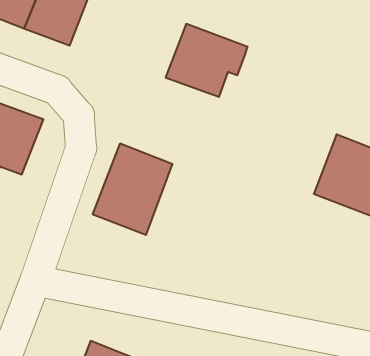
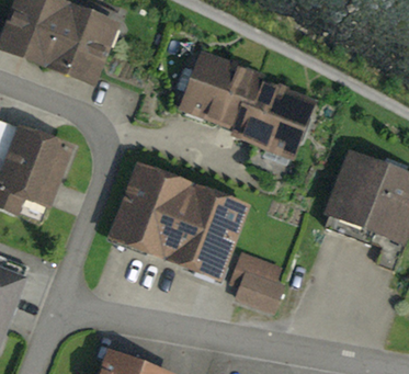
building: none -> [232,81,309,150]
building: none -> [164,186,241,273]
building: none -> [229,262,287,324]

